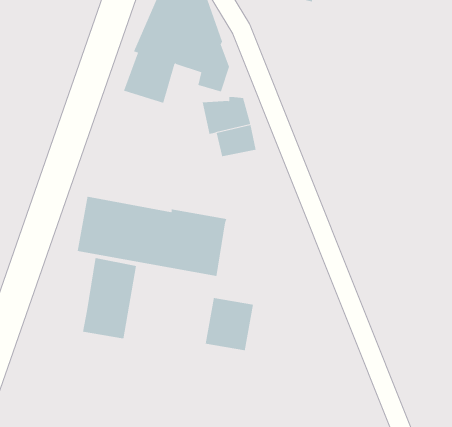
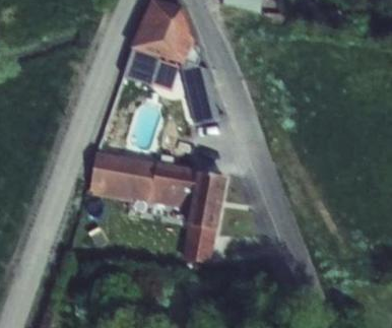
building: [82,257,137,339] -> [188,172,227,231]

